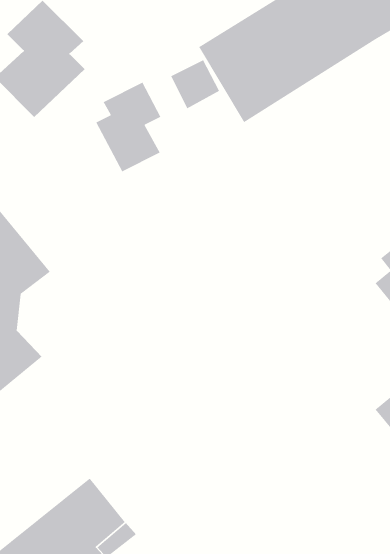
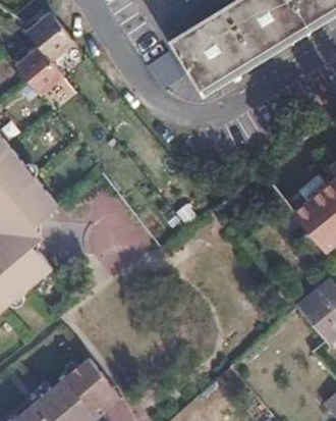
building: [95,81,162,173] -> none

